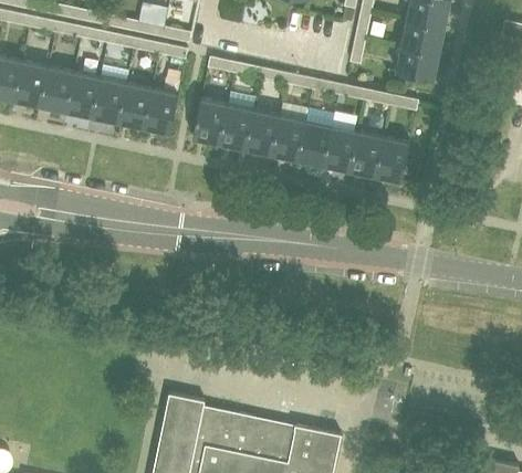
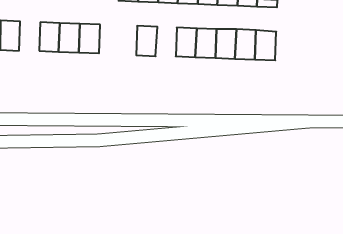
building: [66,74,101,117] -> none
building: [194,101,228,145] -> none
building: [246,112,280,155] -> none

